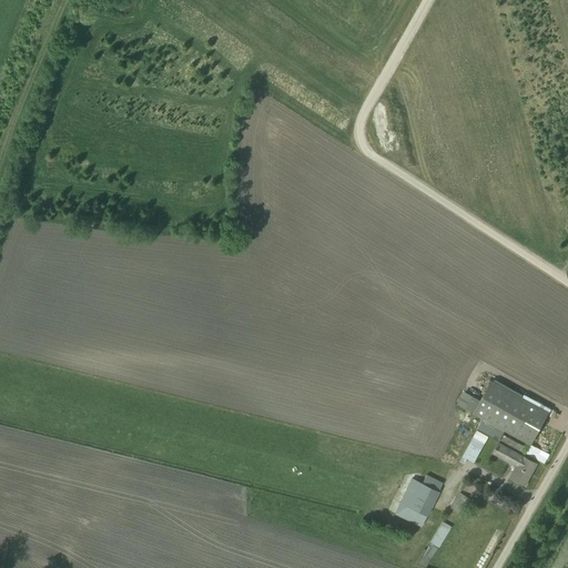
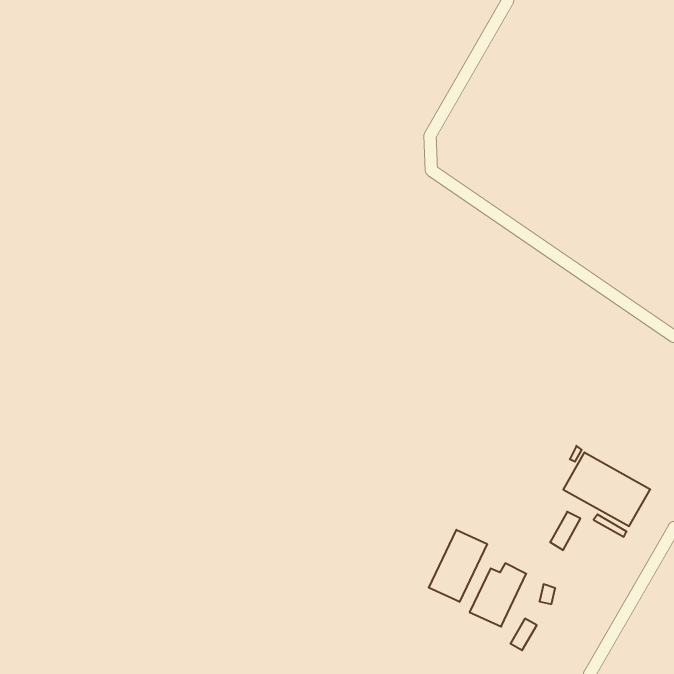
building: [493,443,537,486] -> none
building: none -> [429,530,487,602]

